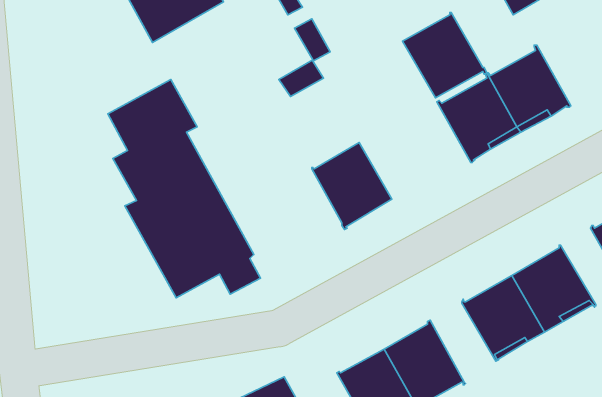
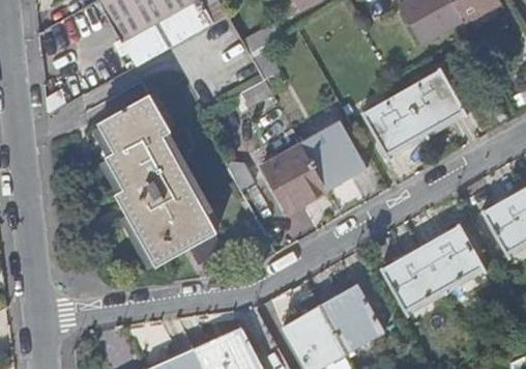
building: [402,12,487,98] -> [300,120,367,188]

